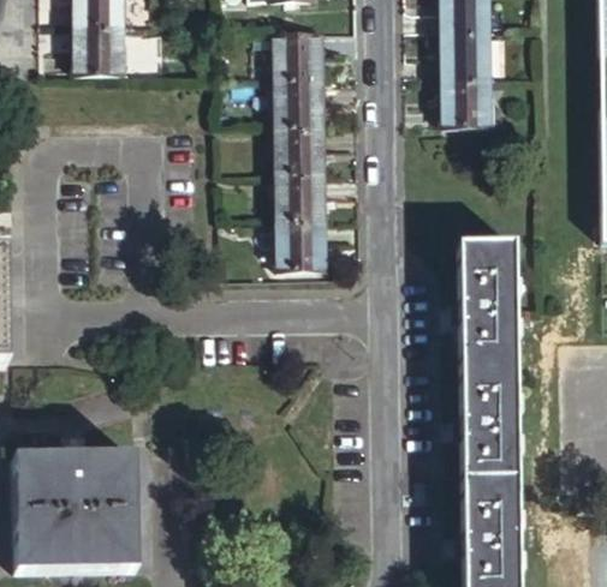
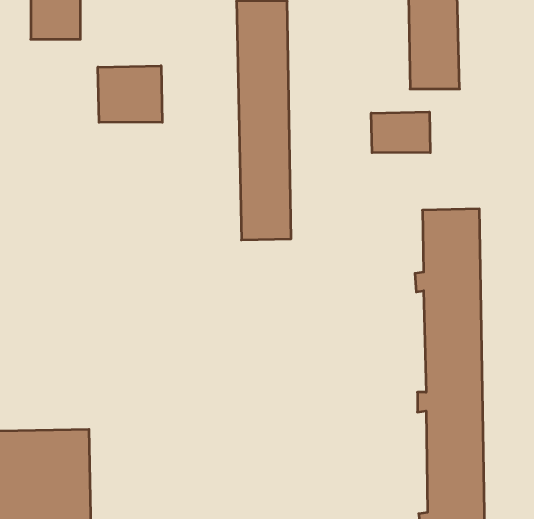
building: none -> [98,66,162,122]
building: none -> [371,112,430,153]

